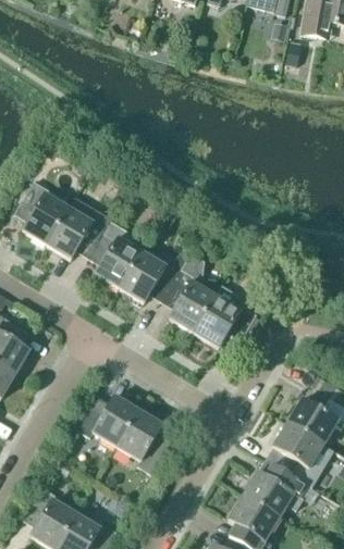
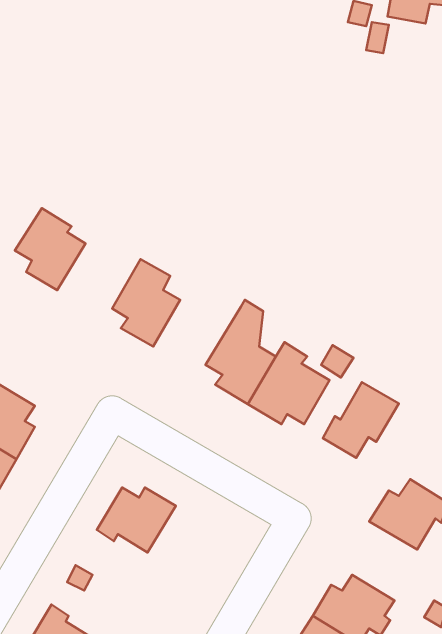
building: [46,197,111,259] -> none
building: [120,252,187,303] -> none
building: none -> [323,382,399,458]
building: [115,411,170,474] -> none
building: [272,423,323,484] -> none

